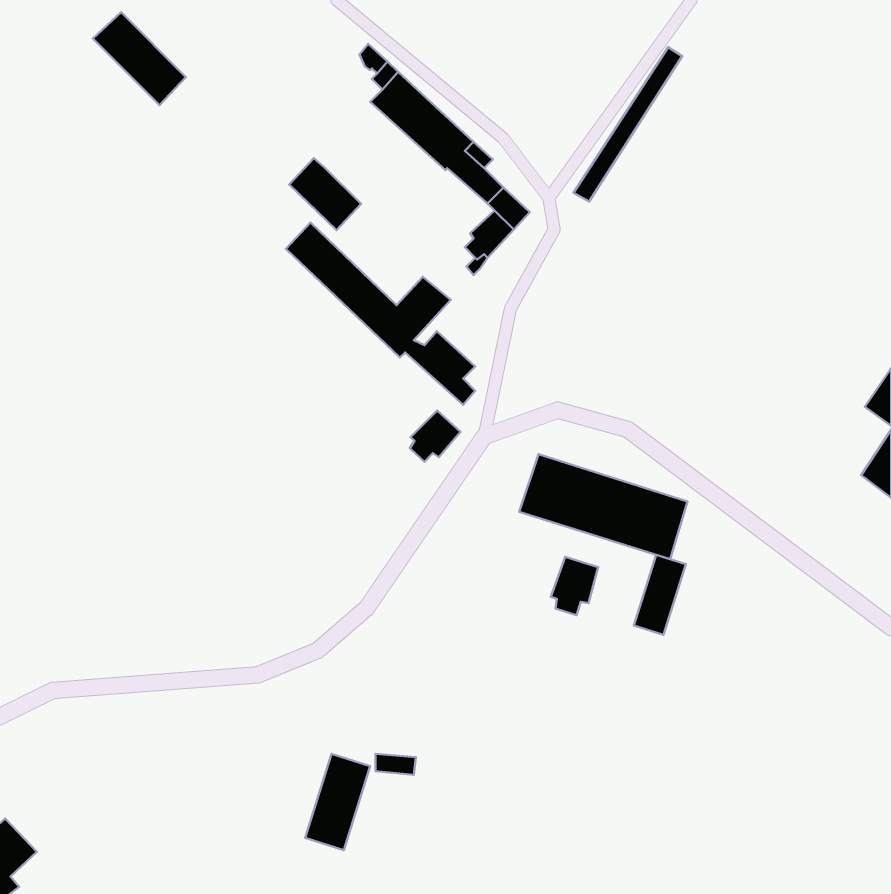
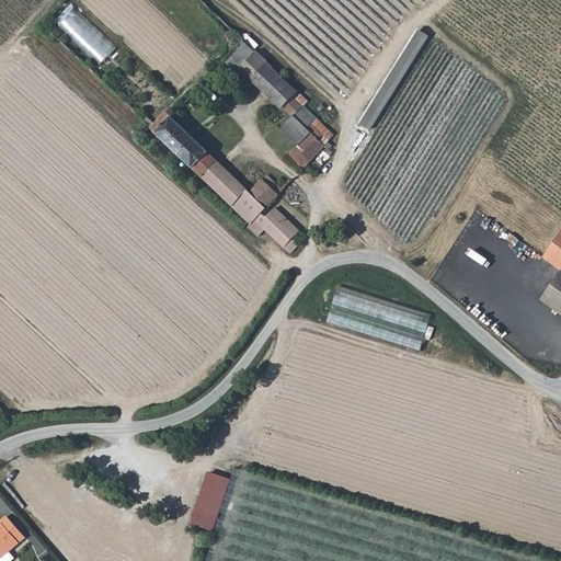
building: [289,158,361,230] -> [149,112,194,157]
building: [410,410,460,462] -> none
building: [634,555,686,635] -> none
building: [551,557,598,615] -> none

